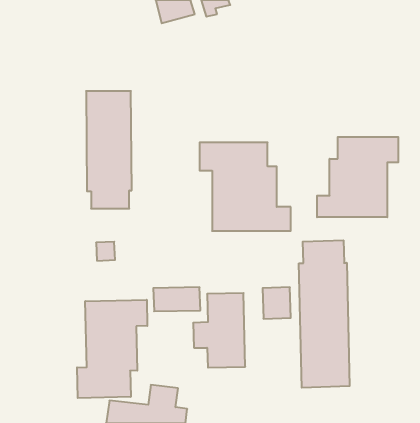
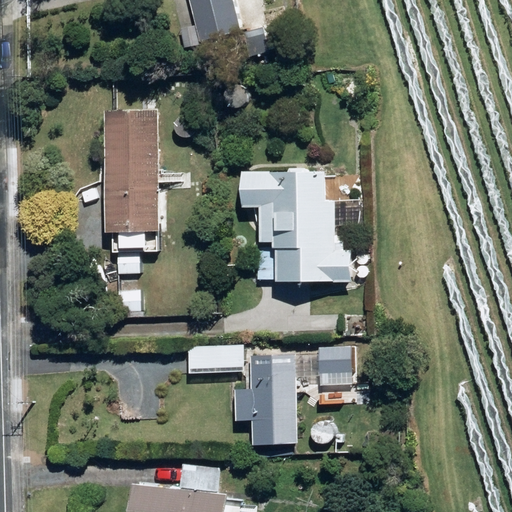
building: [317,137,398,217] -> none
building: [299,240,350,388] -> none
building: [77,300,147,398] -> none

